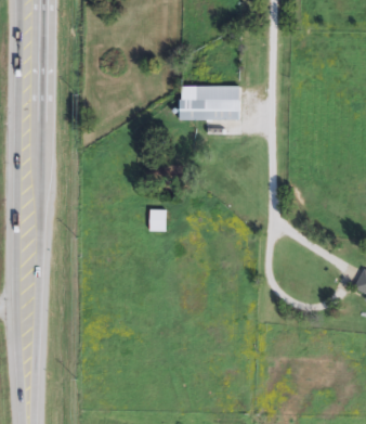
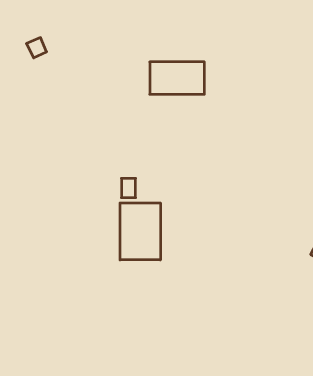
building: none -> [120,203,160,260]

